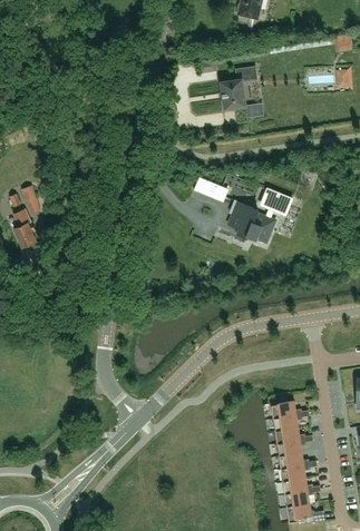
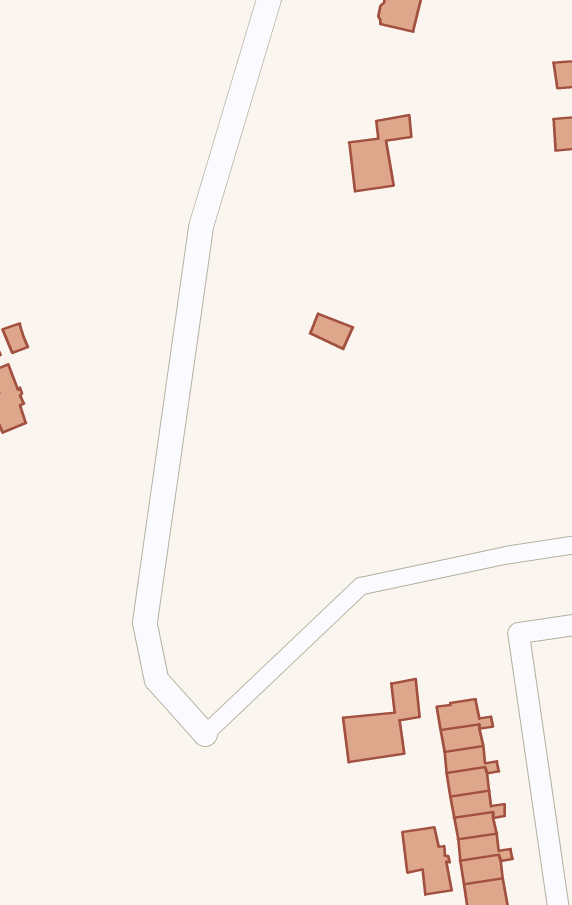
building: [230,189,292,243] -> none
building: none -> [343,679,419,762]
building: none -> [403,827,452,895]

